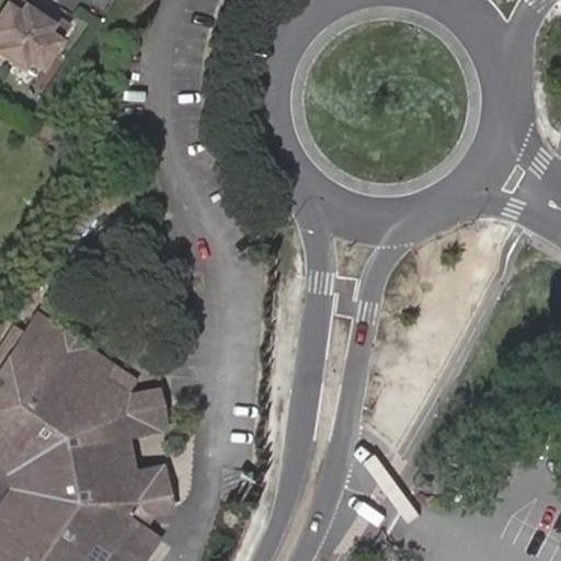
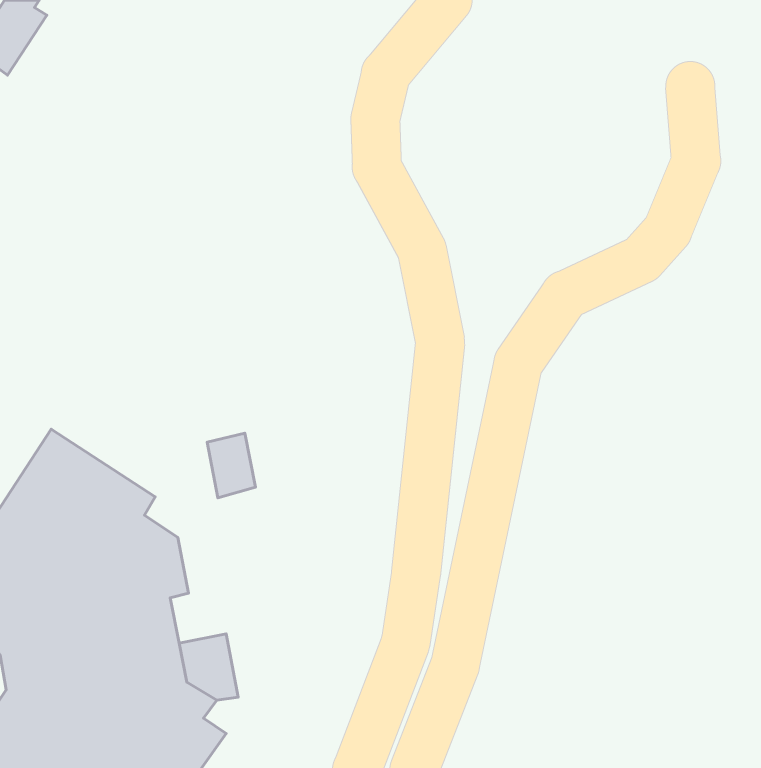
building: [5,10,67,73] -> none
building: [129,386,164,433] -> [207,433,255,498]

